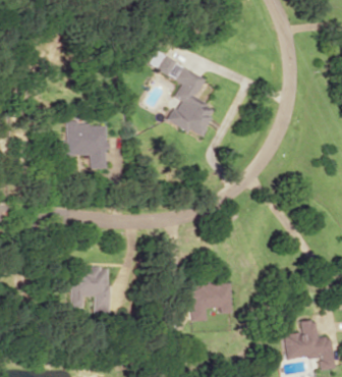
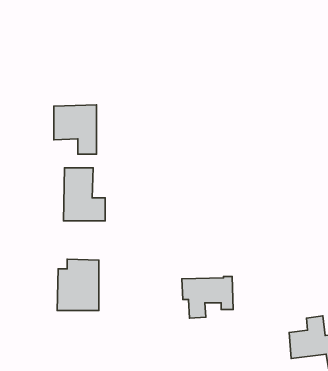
building: [149,51,215,138] -> none
building: none -> [64,168,105,221]

